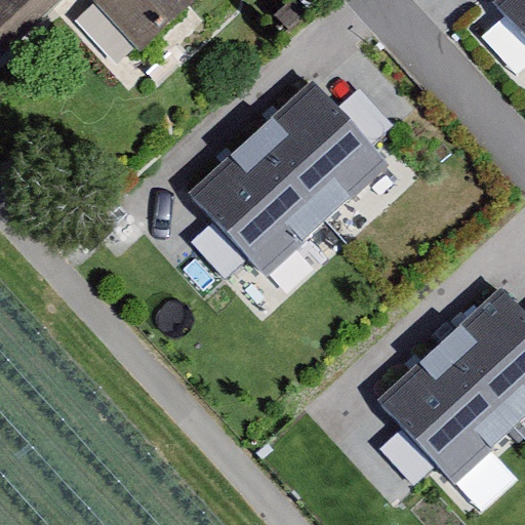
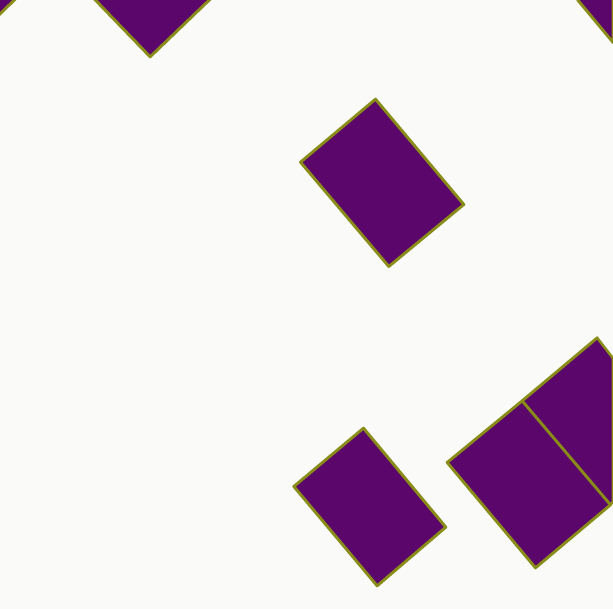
building: [191,137,329,279] -> none
building: none -> [294,428,446,586]

